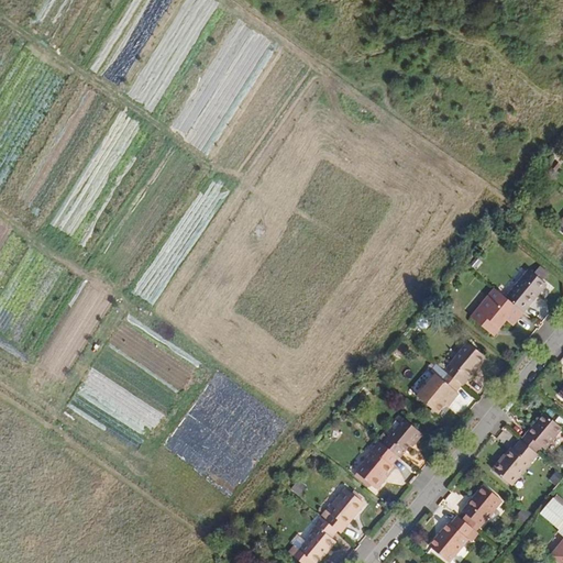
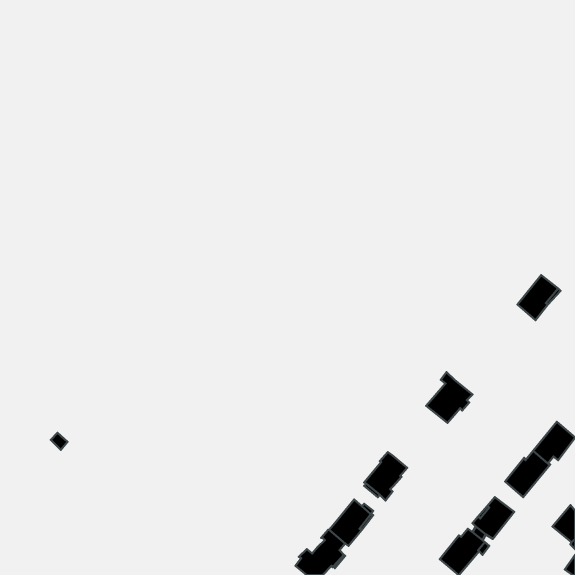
building: [470,288,522,335] -> none
building: [443,342,484,385] -> none
building: [383,419,421,457] -> none

